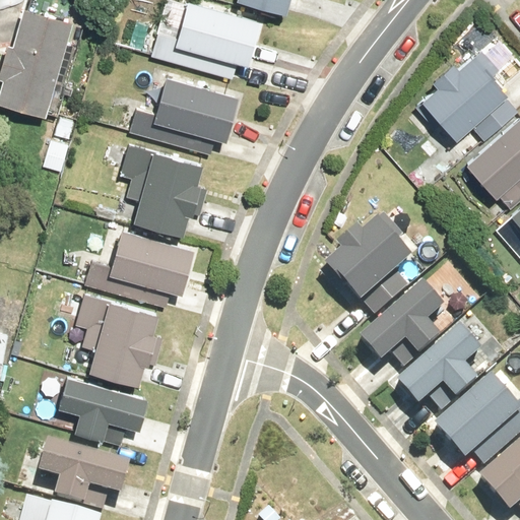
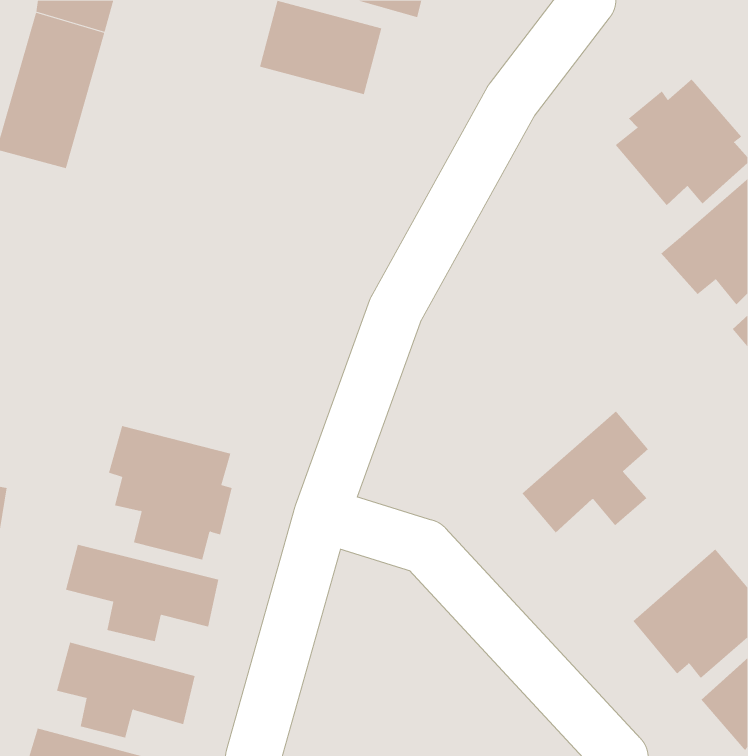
building: [154,77,241,142] -> none
building: [117,142,204,236] -> none
building: [325,216,415,319] -> none
building: [83,231,195,307] -> none
building: [396,327,483,410] -> none

